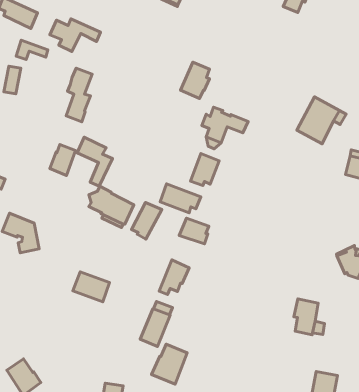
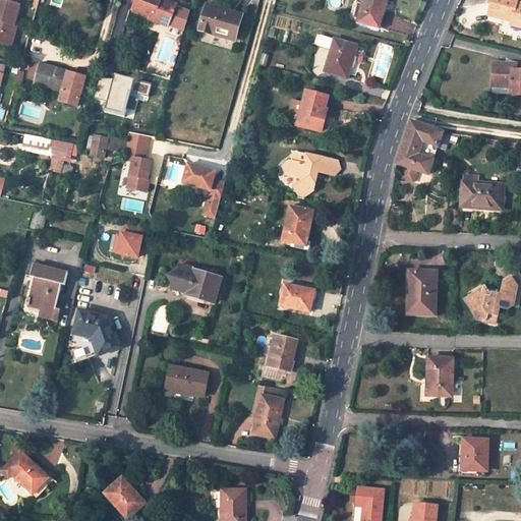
building: none -> [315,35,355,77]
building: [16,40,48,59] -> [91,135,126,157]
building: [181,62,210,98] -> [297,91,329,131]
building: [77,137,112,186] -> [181,170,223,224]
building: [160,184,201,213] -> none
building: [131,202,162,239] -> none
building: none -> [407,270,436,313]
building: [151,344,187,384] -> none

